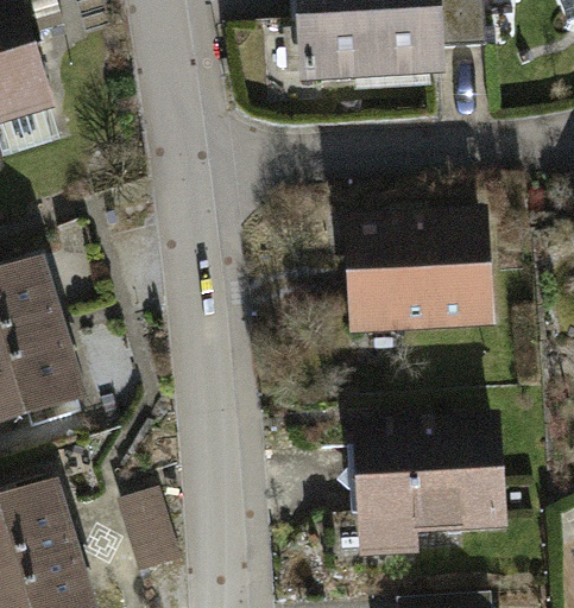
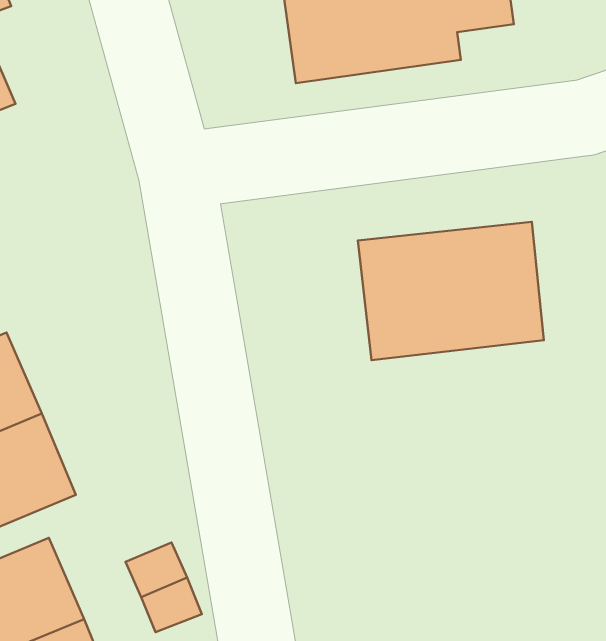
building: [353,432,505,566] -> none

